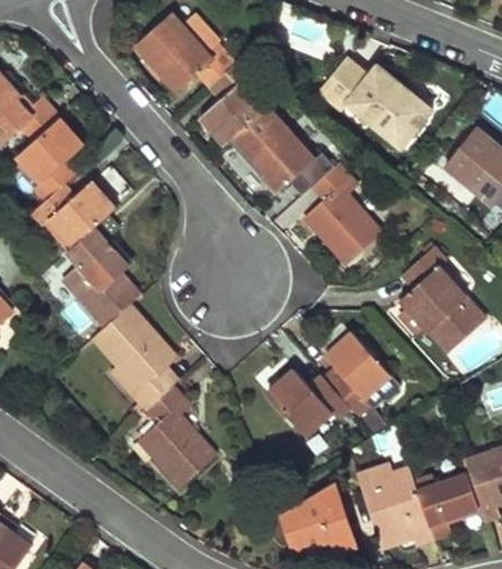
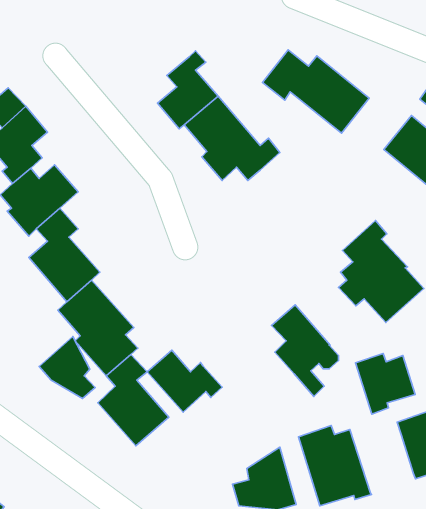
building: [137,11,235,90] -> none
building: [305,161,383,260] -> none
building: none -> [39,337,95,399]
building: [268,367,349,433] -> [147,350,222,412]
building: [413,470,478,536] -> [355,353,415,414]

